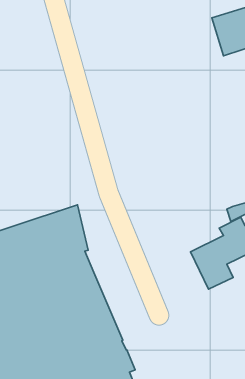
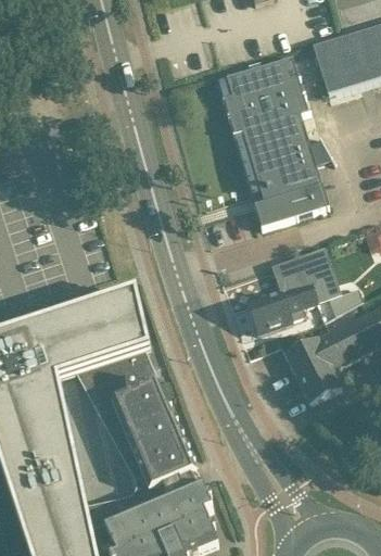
building: none -> [220,54,329,226]
building: none -> [247,257,334,330]

